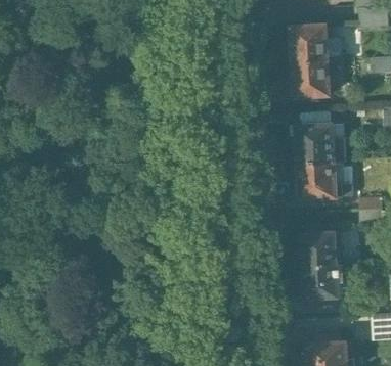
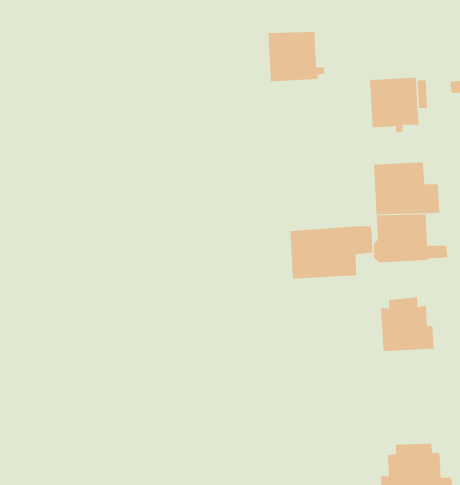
building: [291,24,334,61] -> [268,31,325,82]
building: none -> [290,225,373,279]
building: [303,263,343,305] -> none

